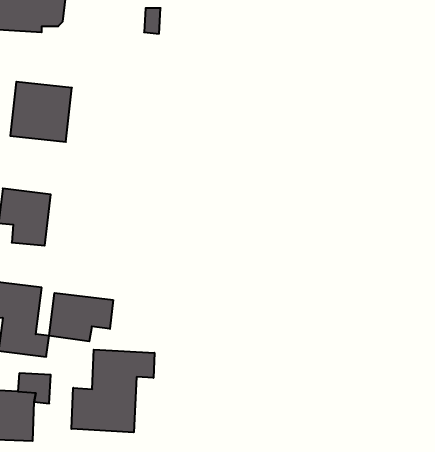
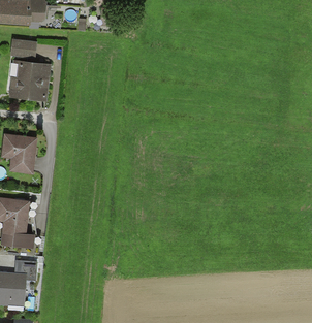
building: none -> [10,39,36,59]
building: [49,293,113,341] -> none
building: [71,350,154,432] -> none

